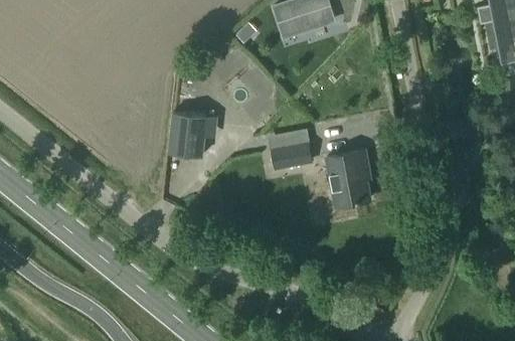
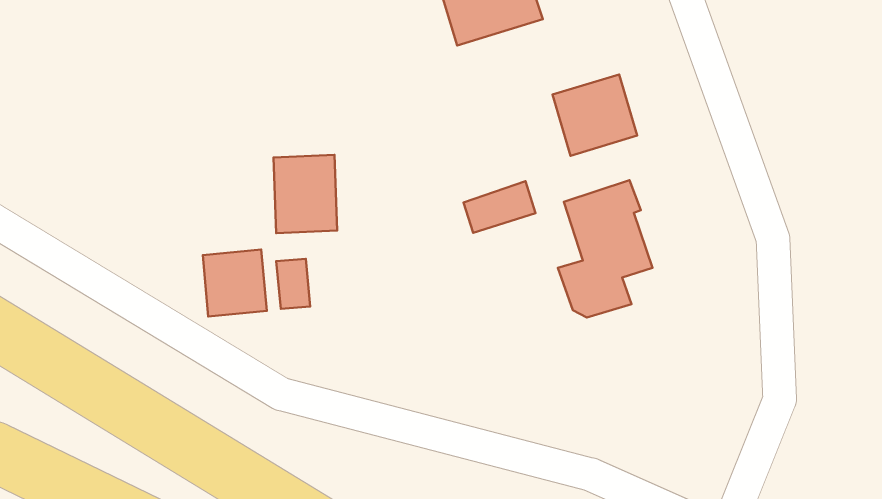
building: none -> [552,74,637,156]
building: none -> [203,250,267,317]

